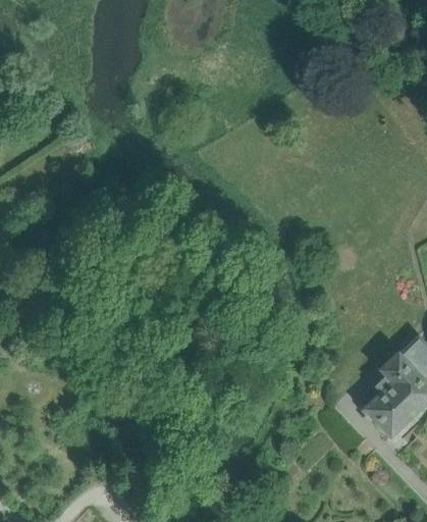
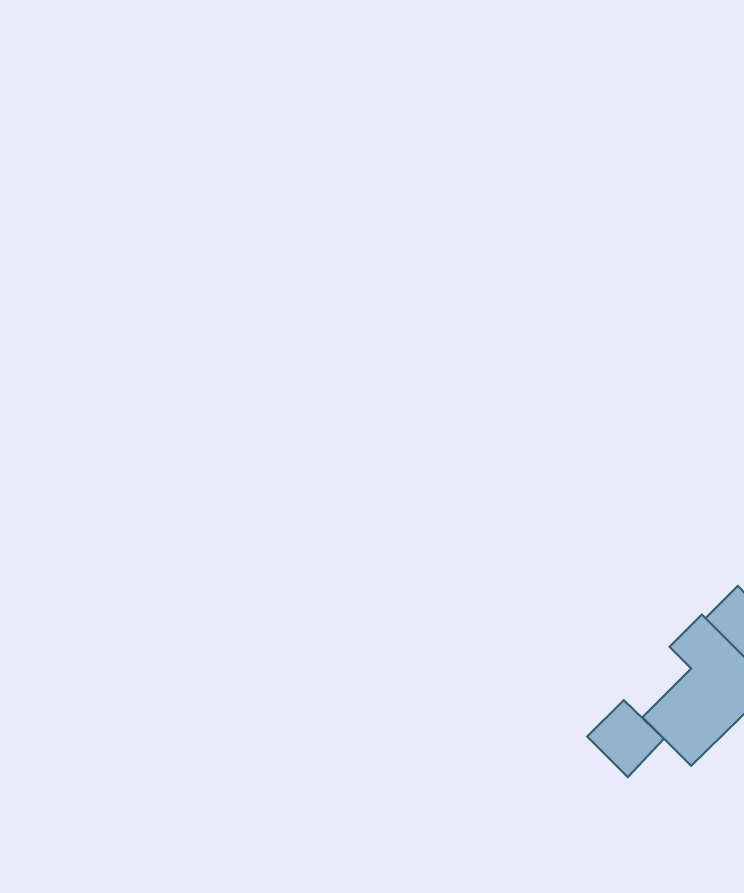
building: none -> [587,700,664,777]

